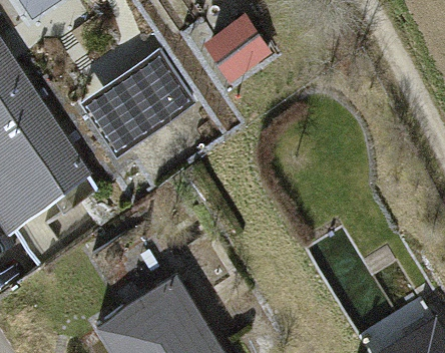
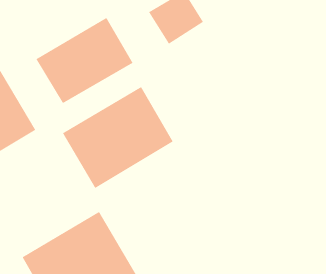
building: none -> [62,86,173,189]

